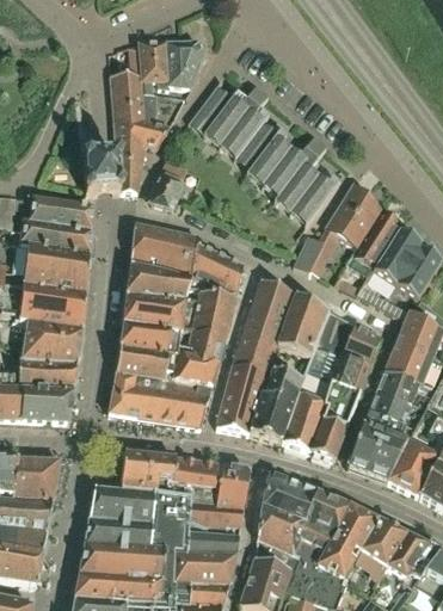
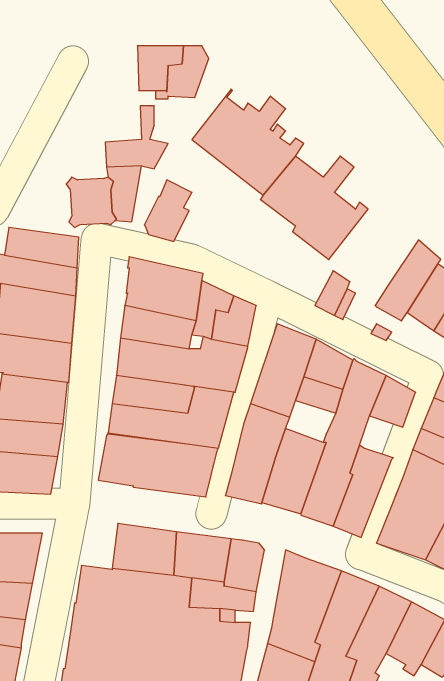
building: [110,41,146,123] -> none
building: [325,181,382,246] -> none
building: [332,357,369,393] -> none

